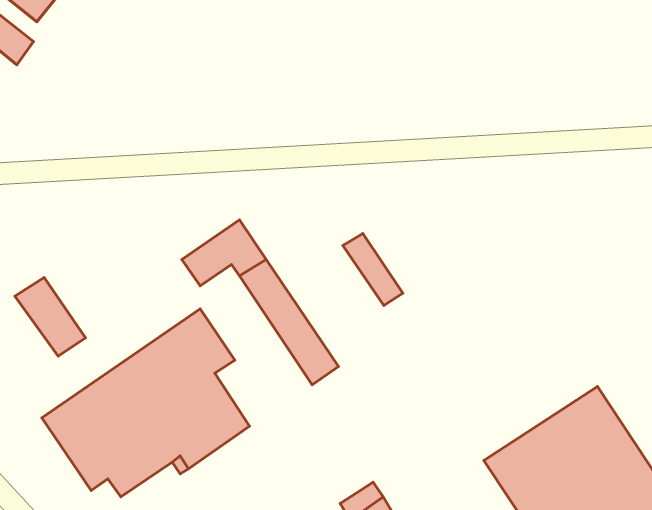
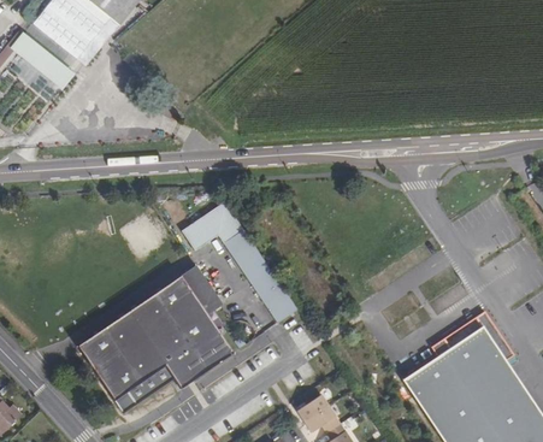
building: [343,233,403,306] -> none
building: [15,278,85,356] -> none

